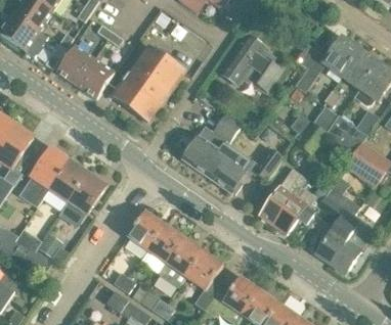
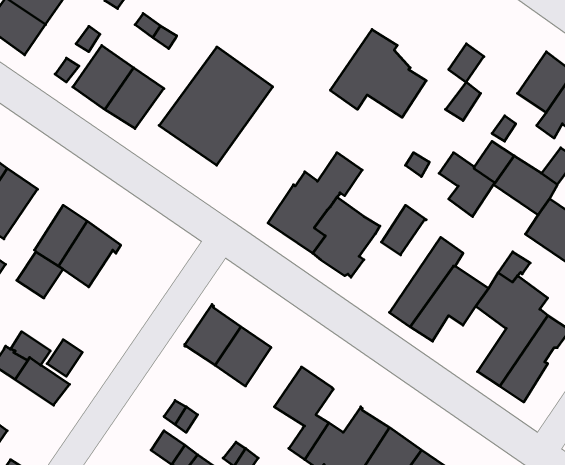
building: [322,36,359,80] -> none
building: [59,172,106,227] -> none
building: [160,237,203,284] -> none

